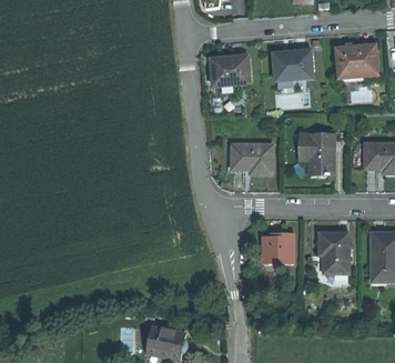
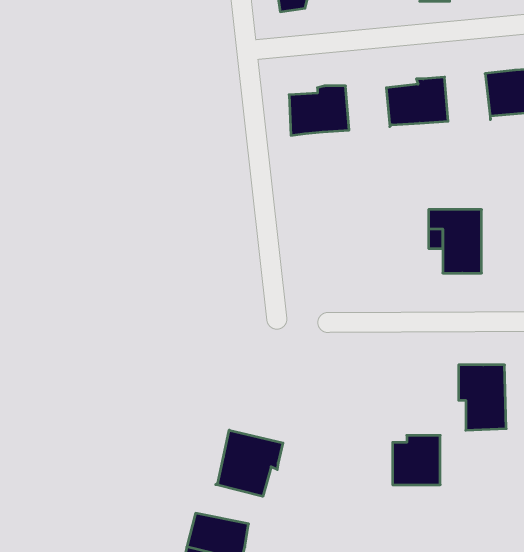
building: [231,142,271,172] -> none
building: [262,231,292,262] -> [393,435,440,485]
building: none -> [216,430,283,496]

